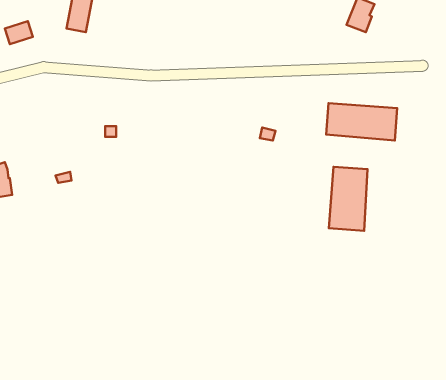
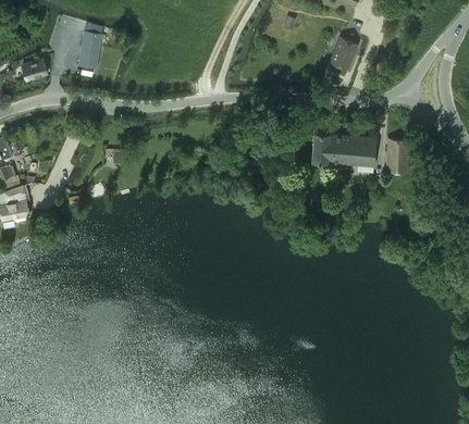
building: none -> [386,139,409,173]
building: [329,167,368,231] -> none

